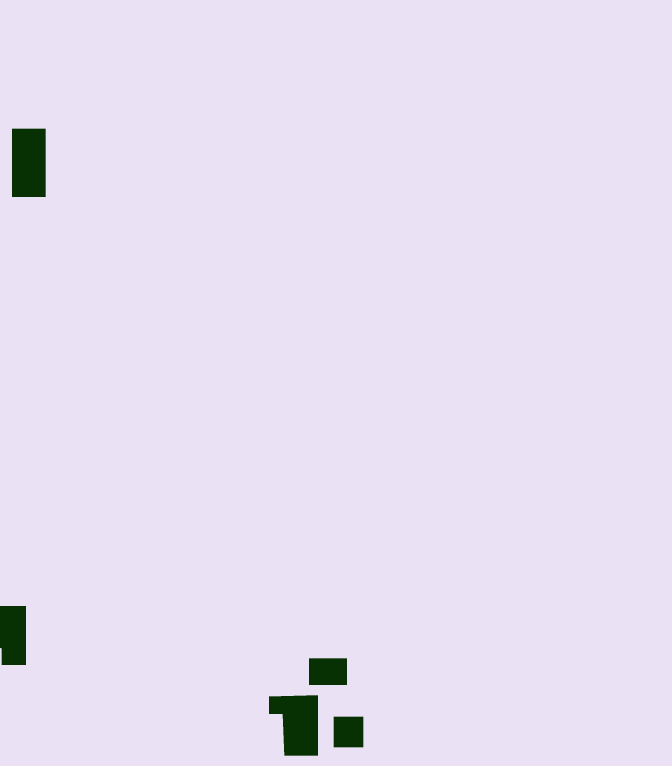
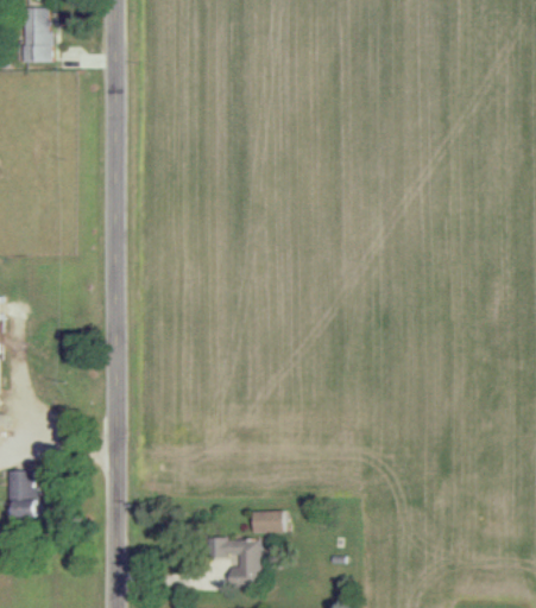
building: [11,128,47,197] -> [21,8,49,62]
building: [333,716,364,748] -> none

